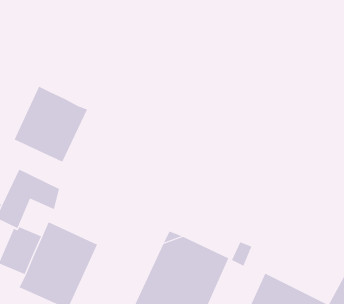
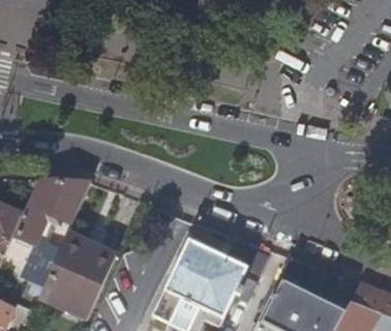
building: [14,86,88,163] -> none

